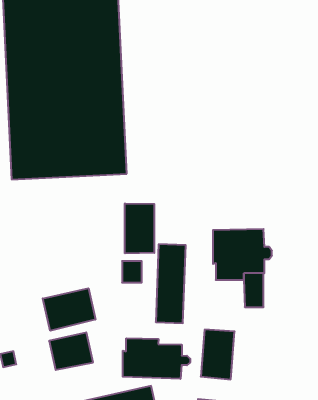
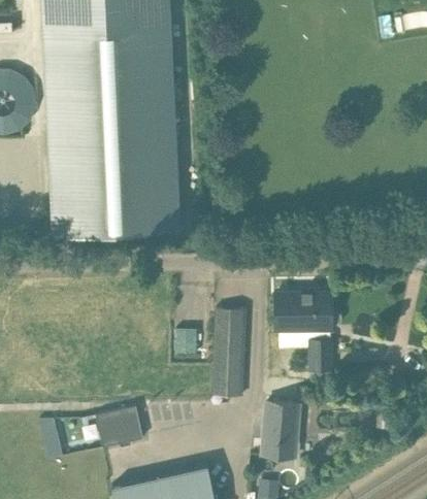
building: [125,203,154,253] -> none
building: [43,288,95,331] -> none
building: [123,338,190,379] -> none

